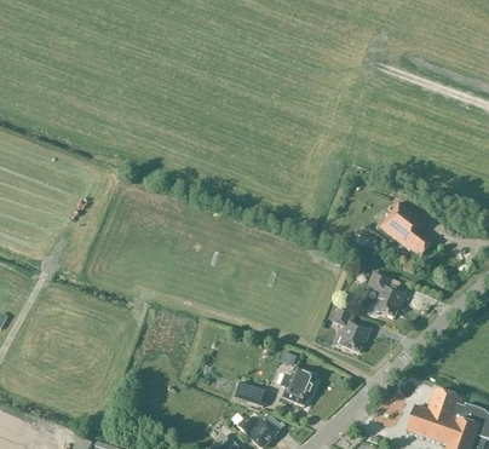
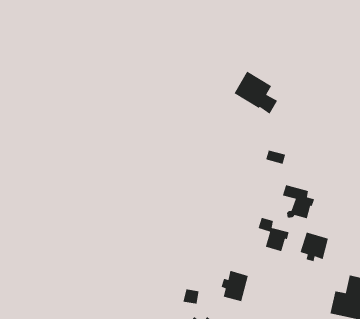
building: [380,200,432,255] -> [233,70,278,115]
building: none -> [300,231,329,262]

